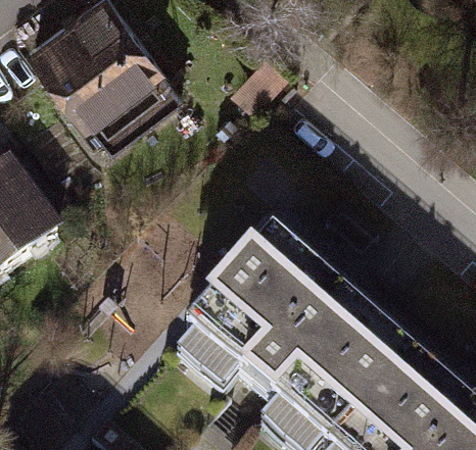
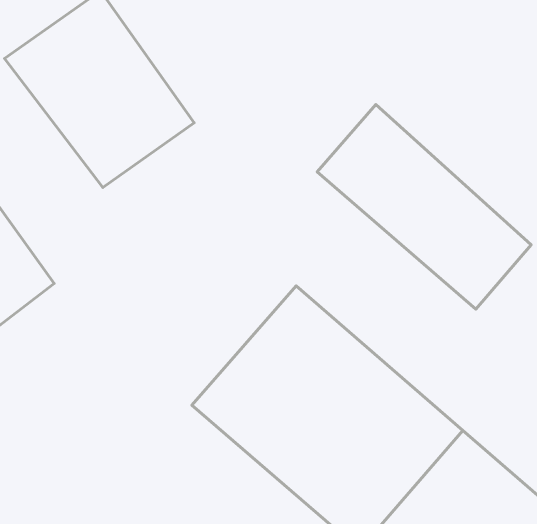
building: none -> [317,104,531,309]

